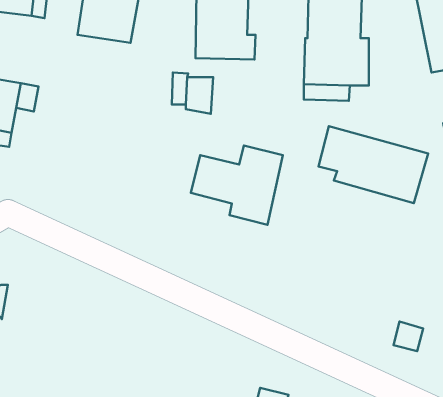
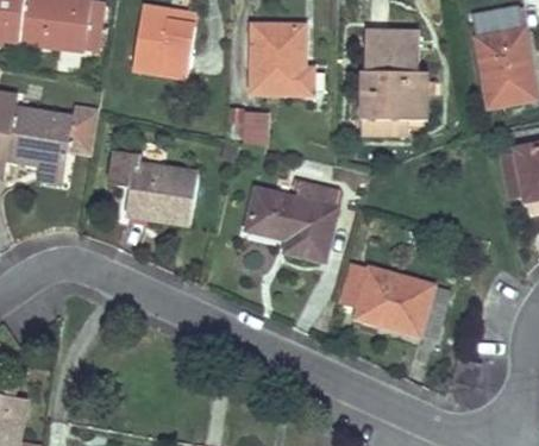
building: none -> [109,149,198,224]
building: [318,126,428,203] -> [339,263,450,340]

